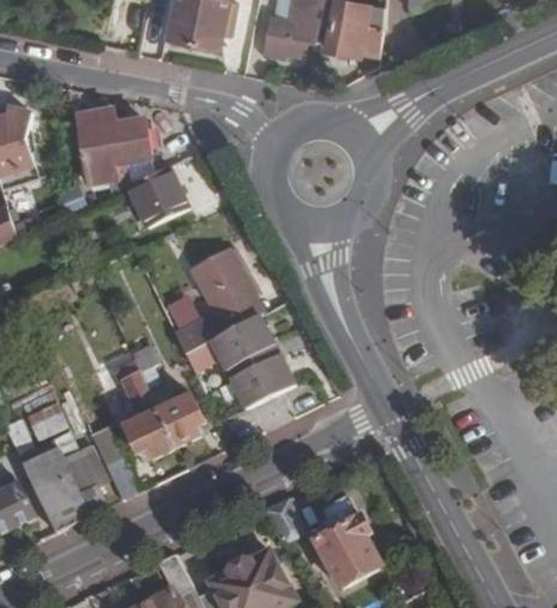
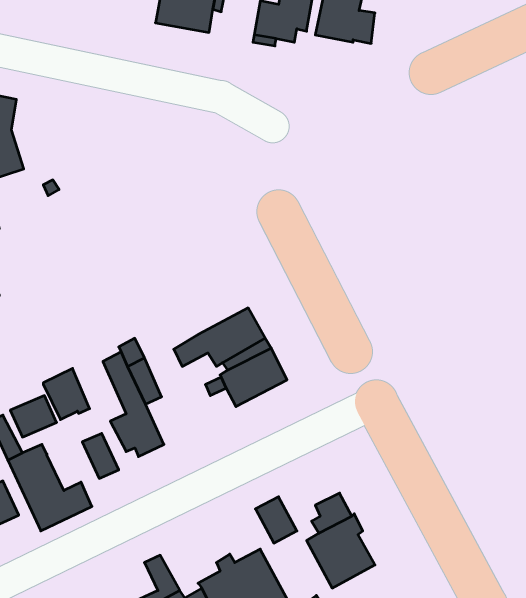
building: [76,108,150,184] -> none
building: [125,164,189,227] -> none
building: [172,247,261,354] -> none
building: [157,393,203,446] -> none
building: [61,442,106,492] -> [43,368,90,420]

